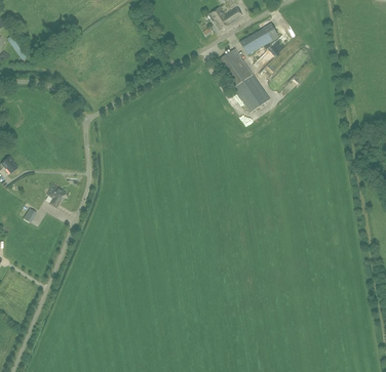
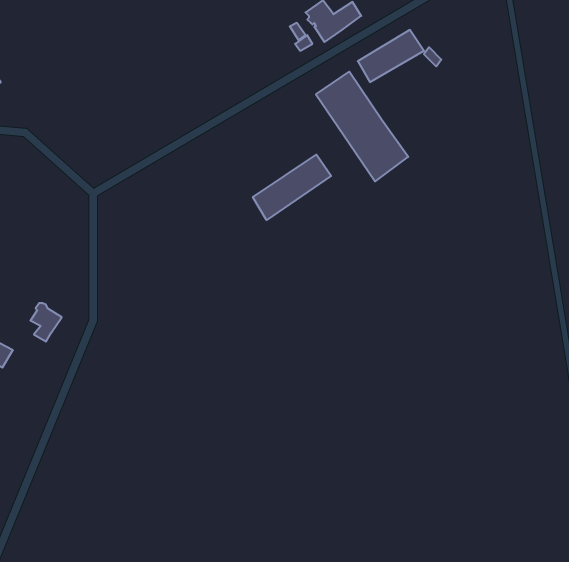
building: none -> [253,155,331,220]

